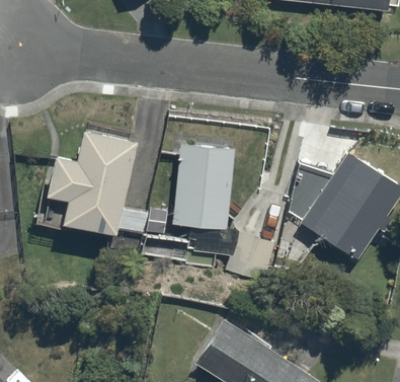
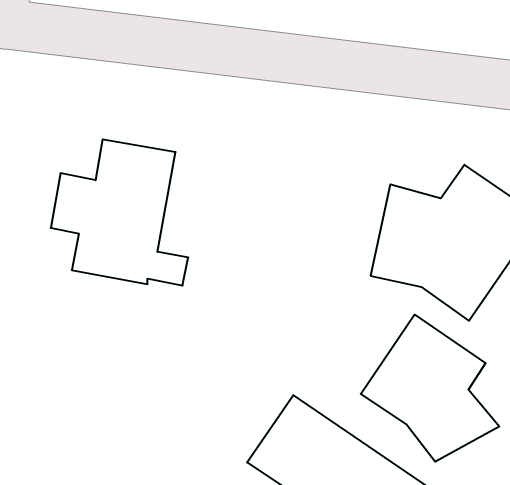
building: [170,141,242,254] -> none
building: none -> [361,315,499,462]

